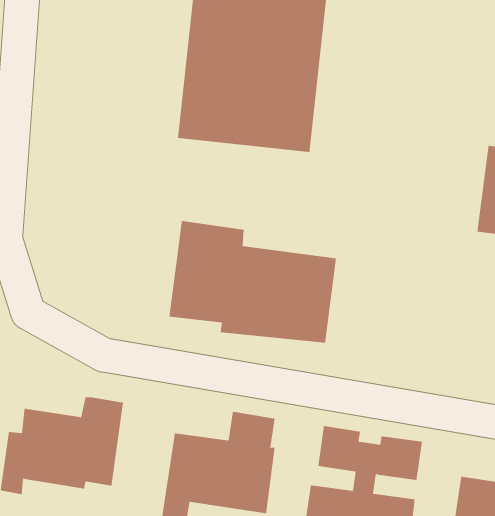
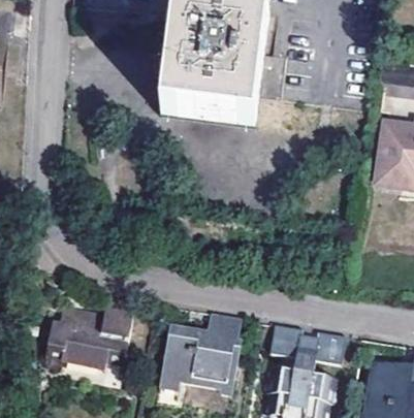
building: [169,220,337,343] -> none

